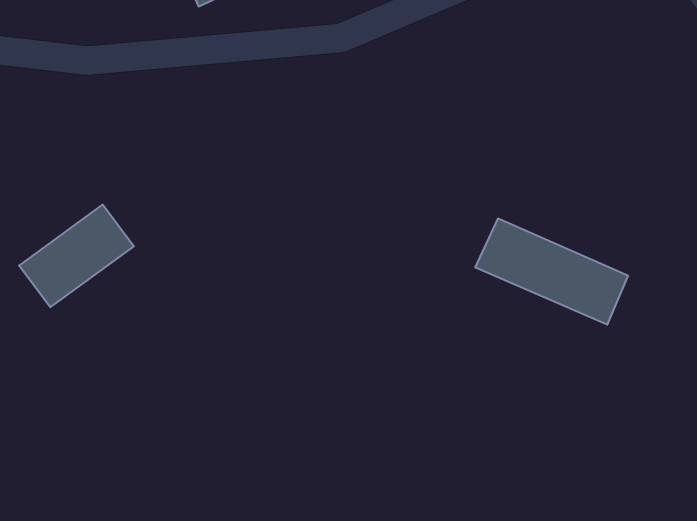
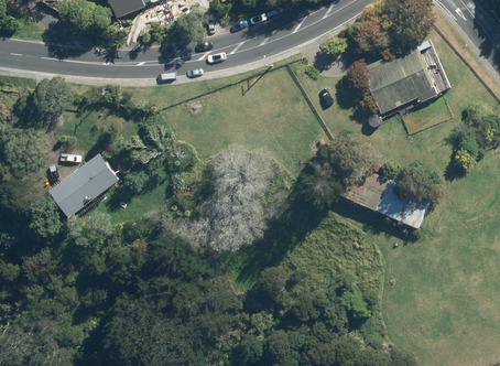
building: none -> [361,41,437,112]

